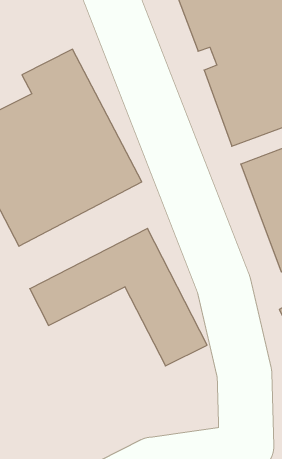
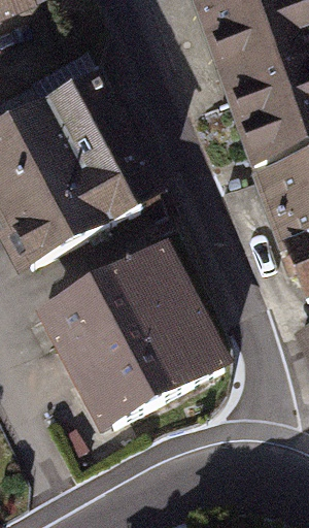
building: none -> [60,304,181,427]

